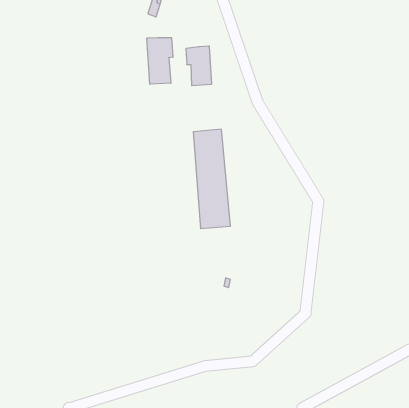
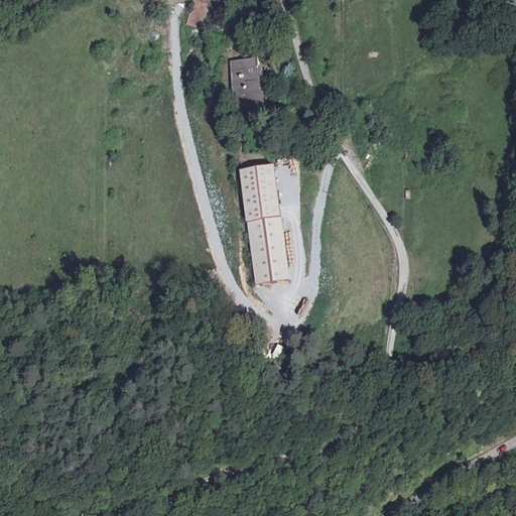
building: [147,37,173,84] -> none

